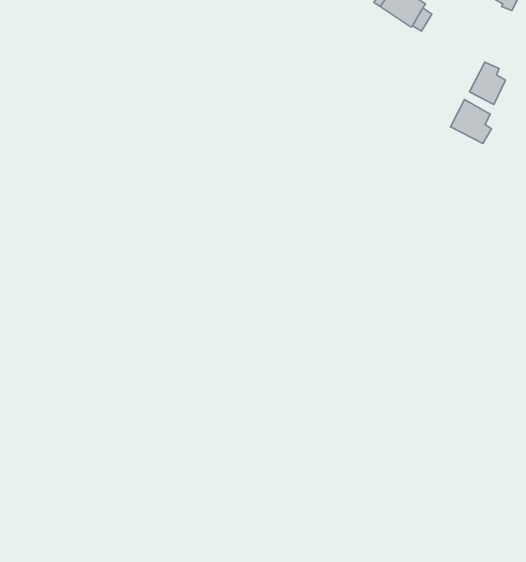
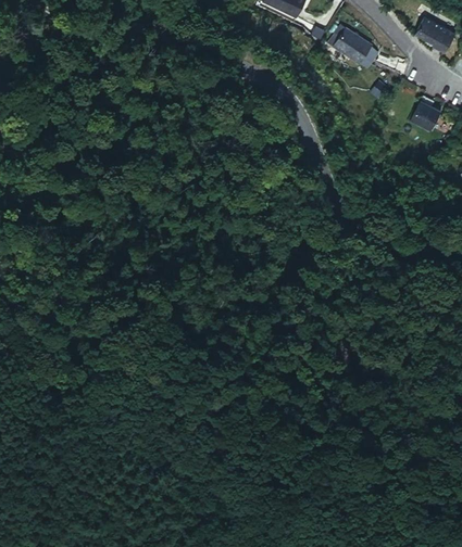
building: [450,99,492,144] -> none

